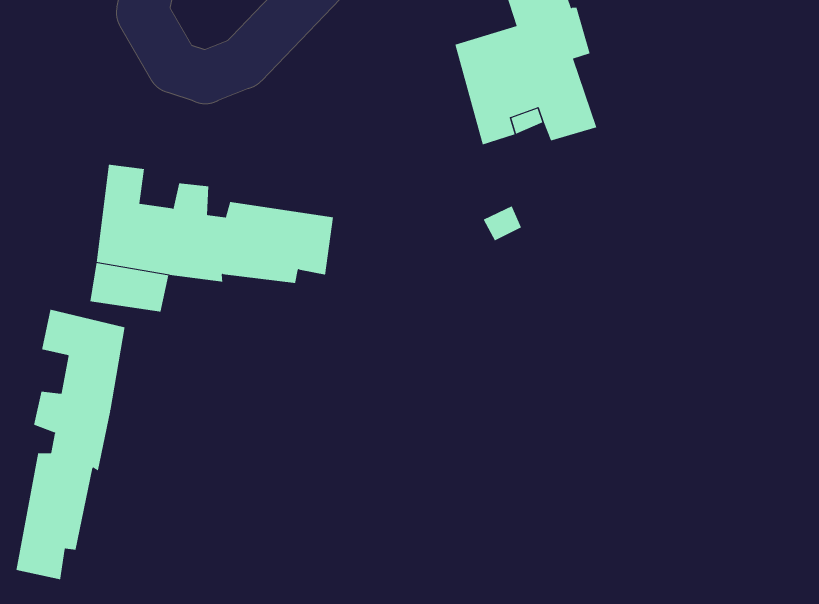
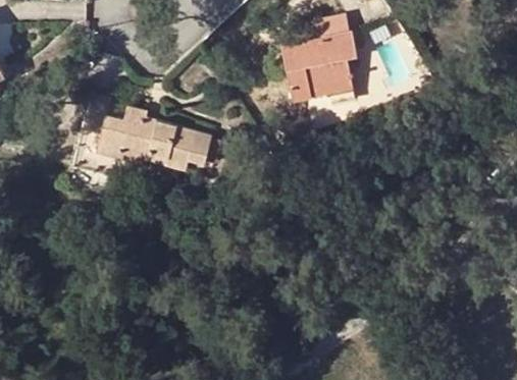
building: [16,309,125,580] -> none

